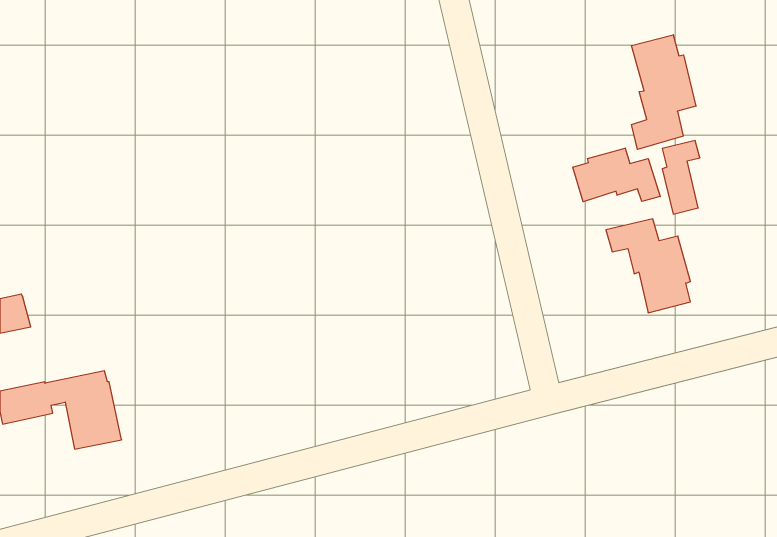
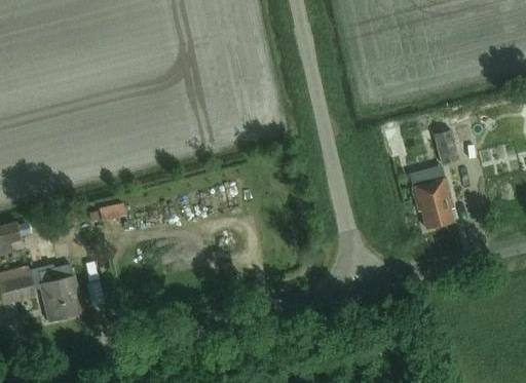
building: [631,35,696,149] -> none
building: [573,148,660,202] -> none

